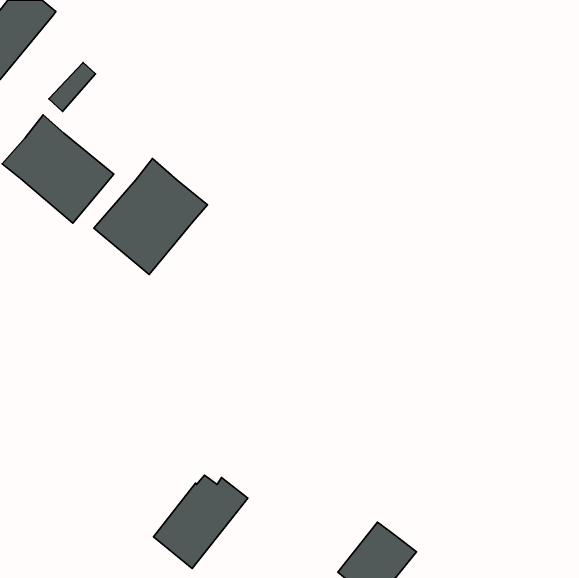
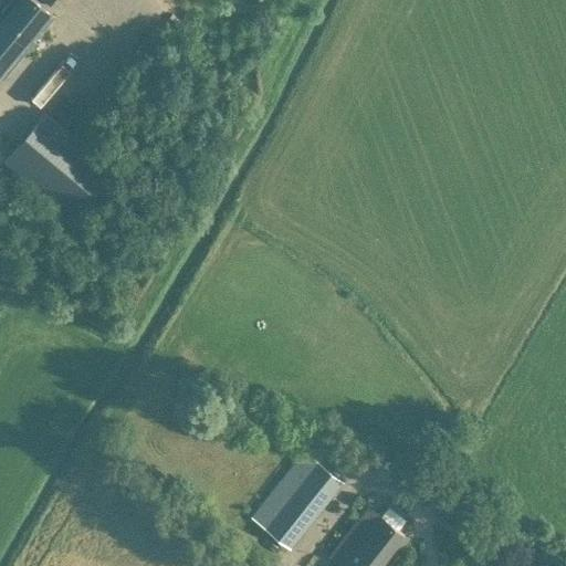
building: [94,158,208,275] -> none
building: [153,475,248,569] -> [250,460,342,551]

